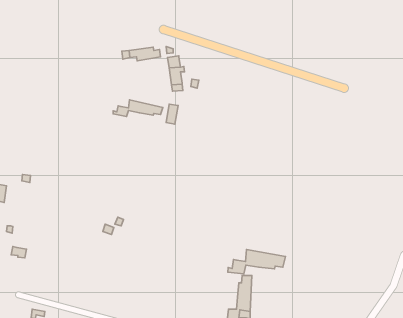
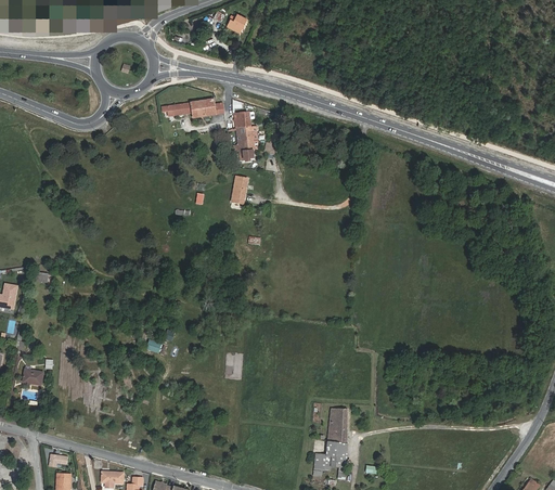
building: [113,100,163,116] -> none
building: [228,249,285,274] -> none

